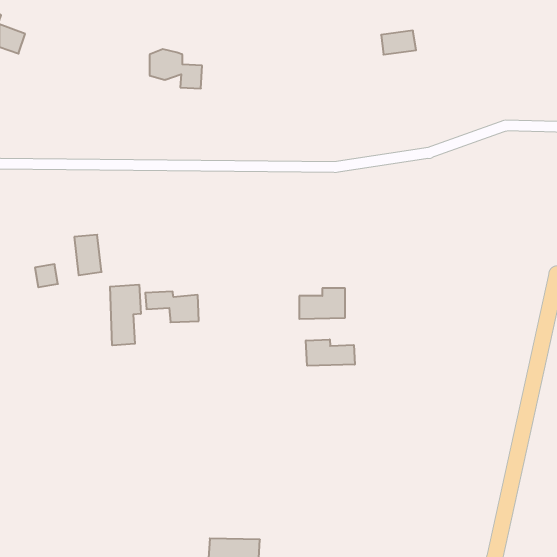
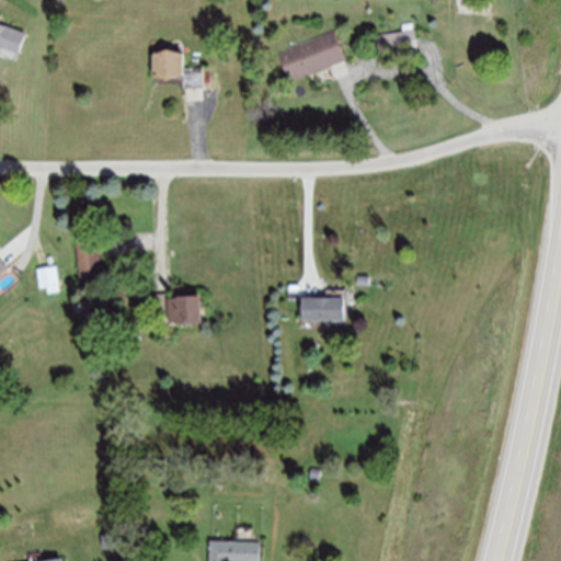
building: none -> [276,30,345,83]
building: [110,285,141,345] -> none
building: [306,339,355,366] -> none

